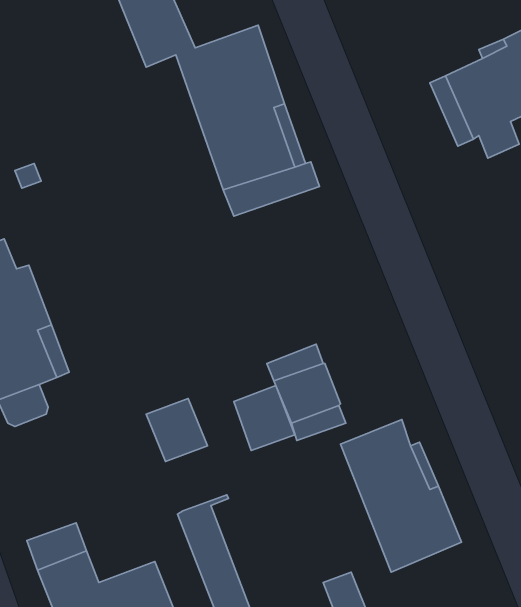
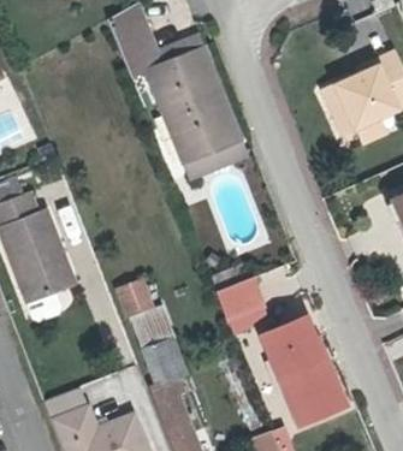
building: [234,386,295,451] -> [142,334,184,379]

